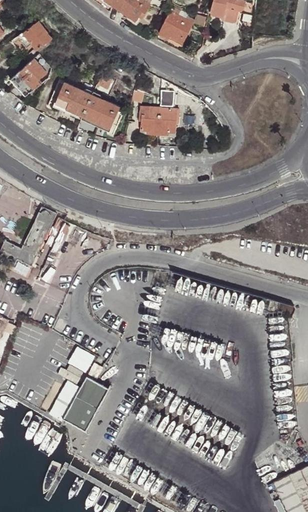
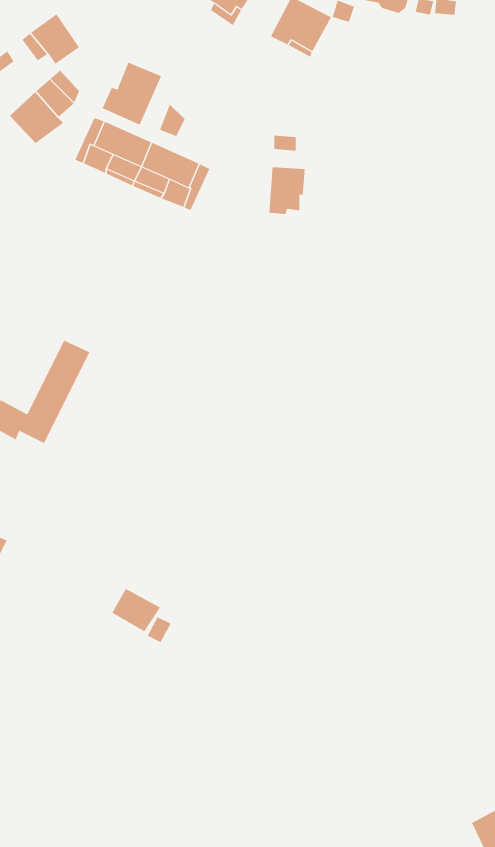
building: none -> [102,62,162,125]
building: [139,106,159,134] -> none
building: [62,375,108,430] -> none

